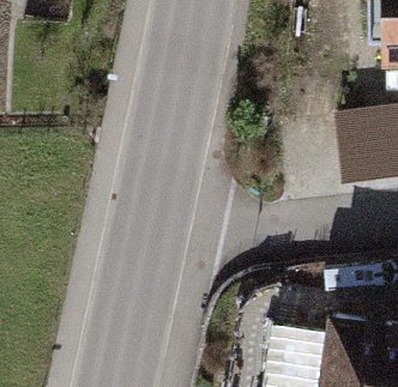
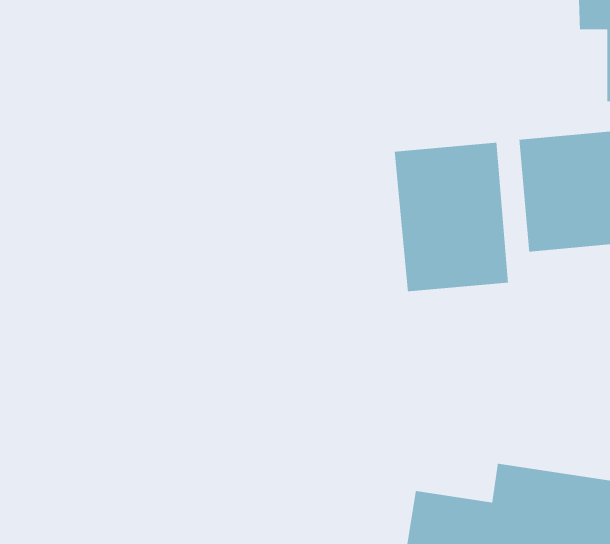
building: none -> [394,142,509,292]

